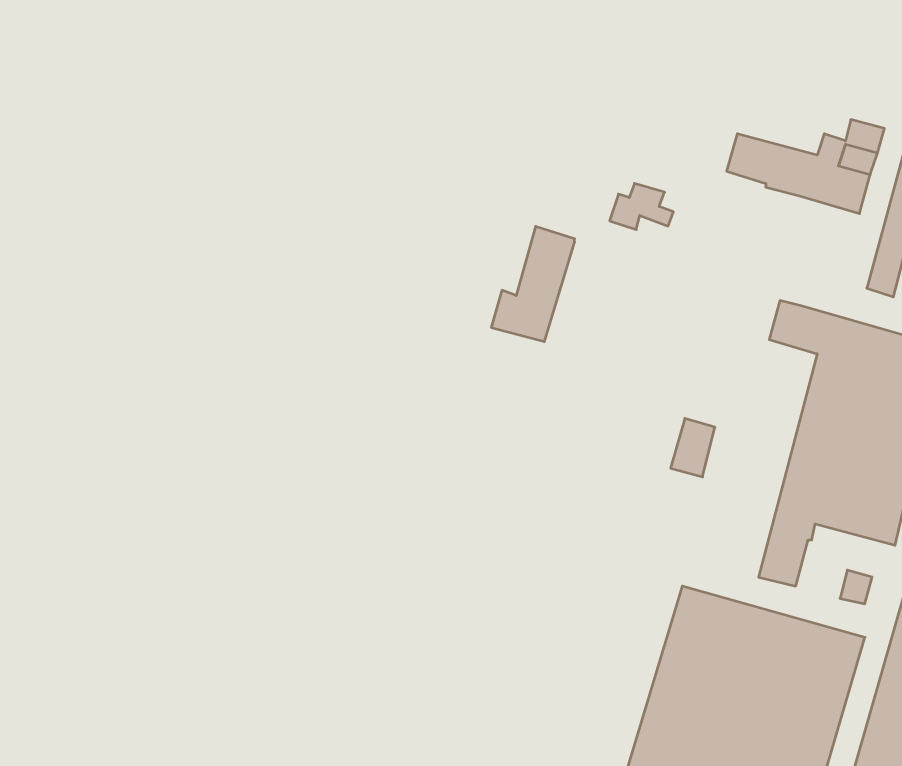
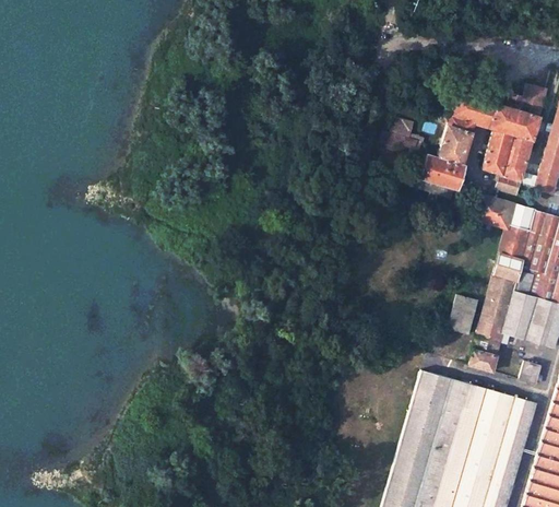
building: none -> [484,131,532,194]
building: [491,226,575,342] -> [423,116,474,187]
building: [671,418,715,477] -> [450,296,477,332]

